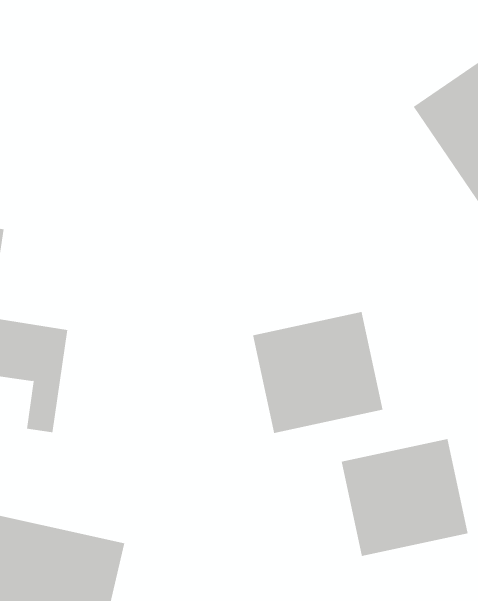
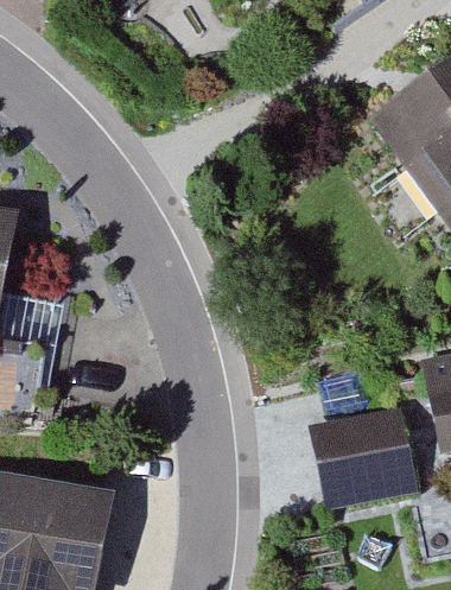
building: [252,311,383,434] -> none

